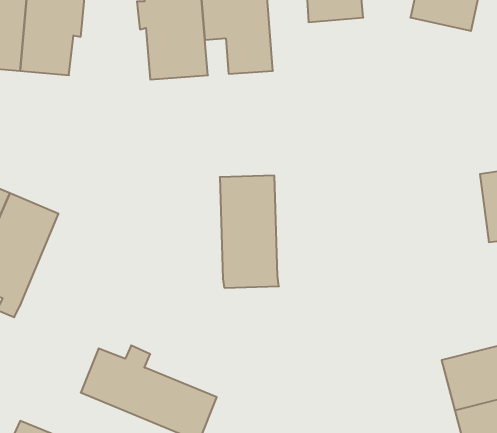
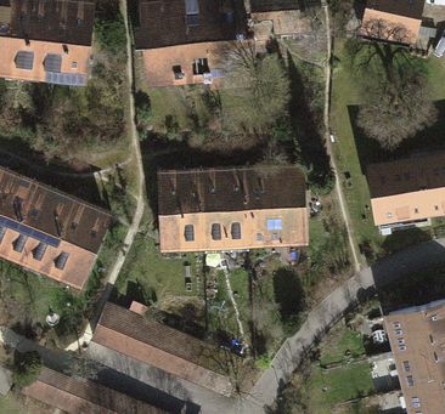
building: none -> [249,160,308,245]
building: none -> [367,161,426,225]
building: none -> [158,164,207,249]
building: none -> [40,186,113,287]

